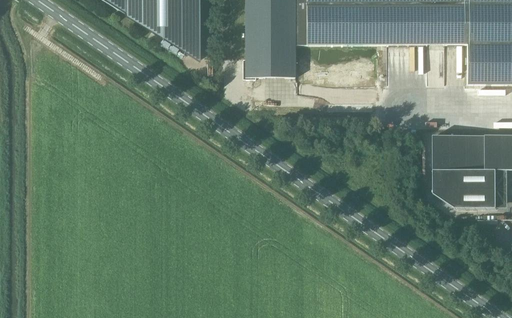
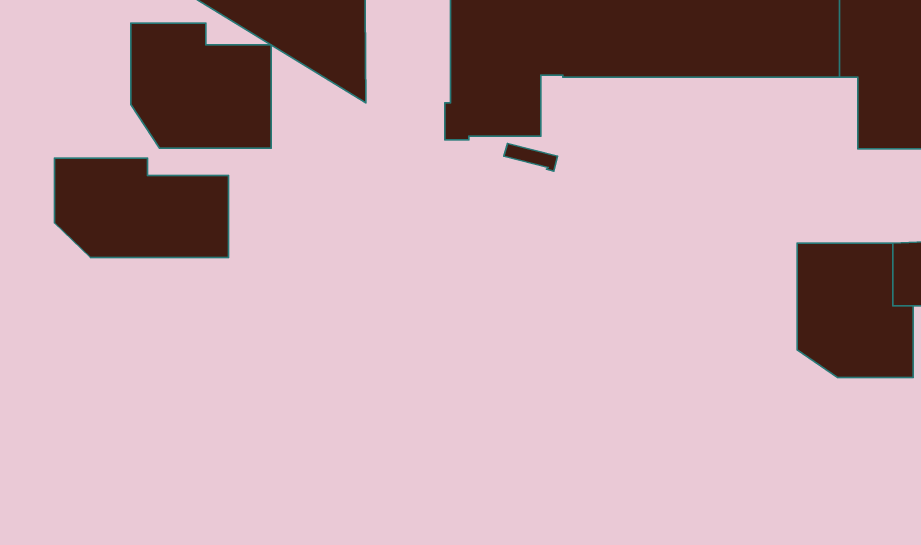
building: none -> [131,23,271,148]
building: none -> [55,158,229,257]

